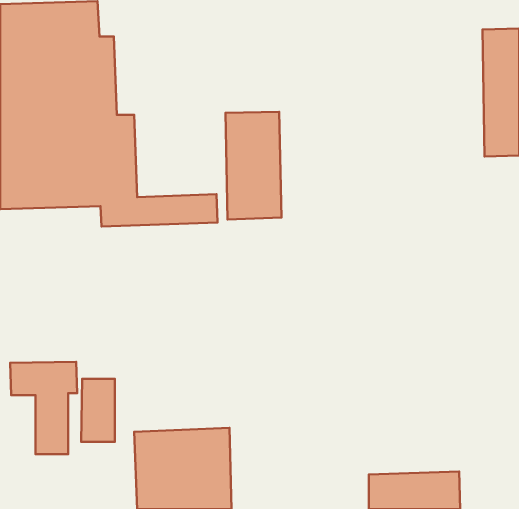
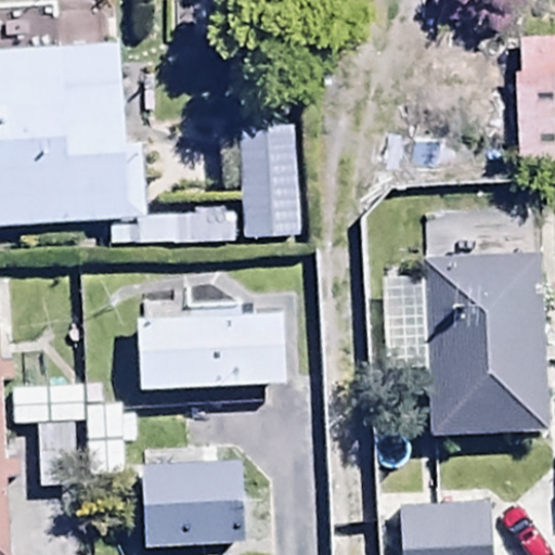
building: none -> [380,255,542,439]
building: none -> [140,304,287,392]

